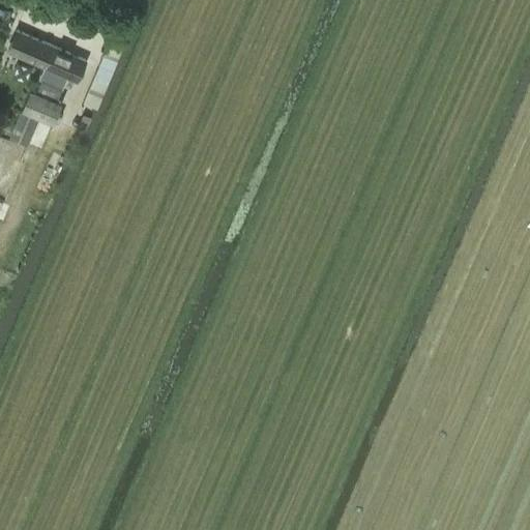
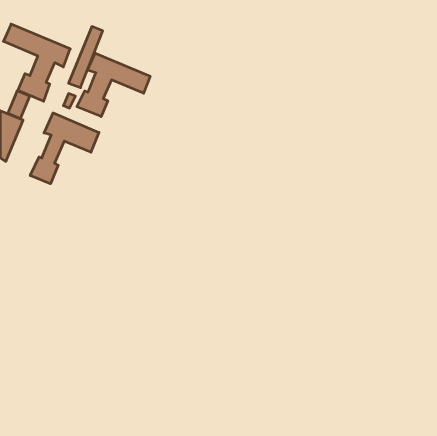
building: none -> [77,53,150,117]
building: none -> [30,113,99,184]

